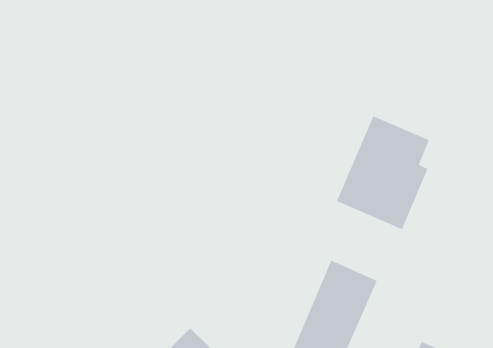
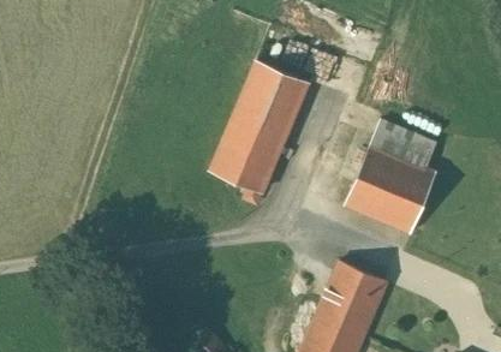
building: none -> [211,60,309,192]

